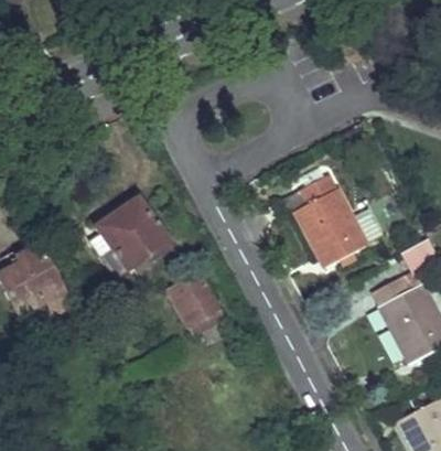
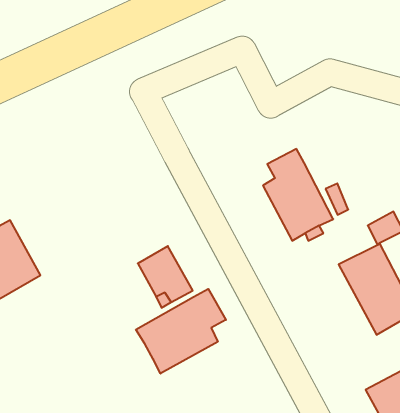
building: [96,200,166,278] -> none
building: none -> [136,289,226,374]

